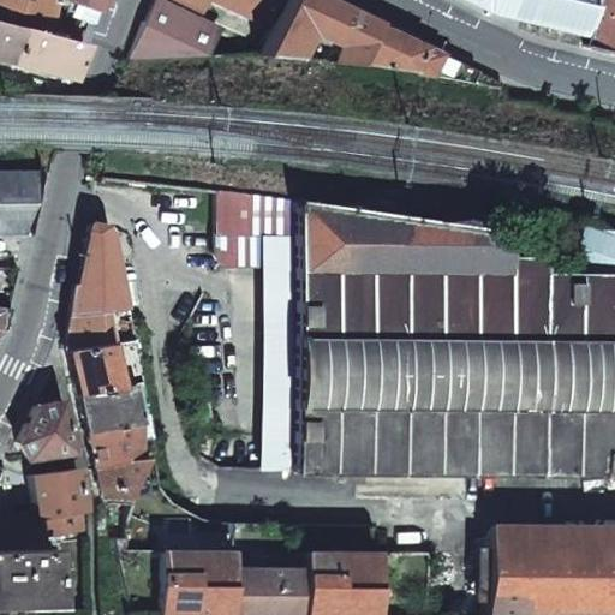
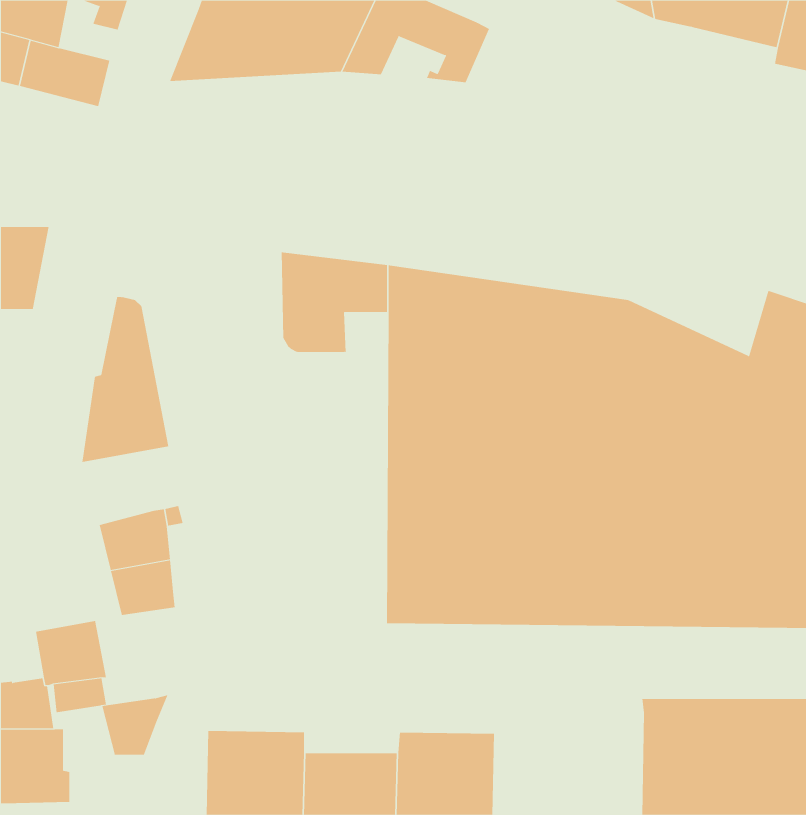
building: [358,22,510,89] -> none
building: [265,235,299,470] -> none
building: [68,336,137,395] -> none
building: [22,401,76,458] -> none
building: [98,455,149,501] -> [101,695,168,755]

